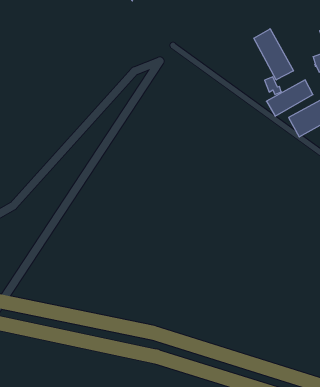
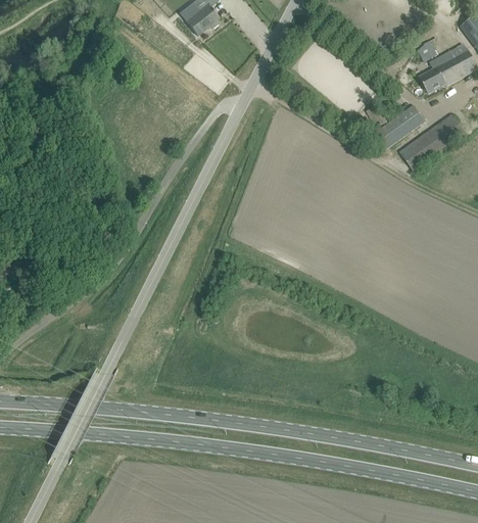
building: [254,29,293,80] -> none

